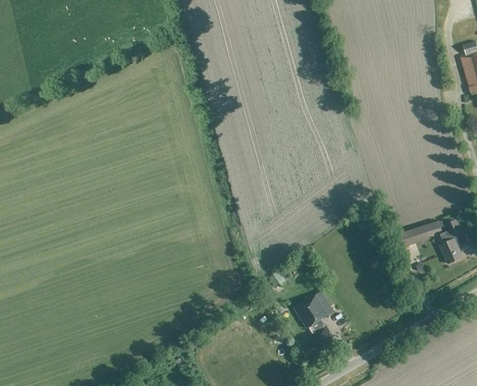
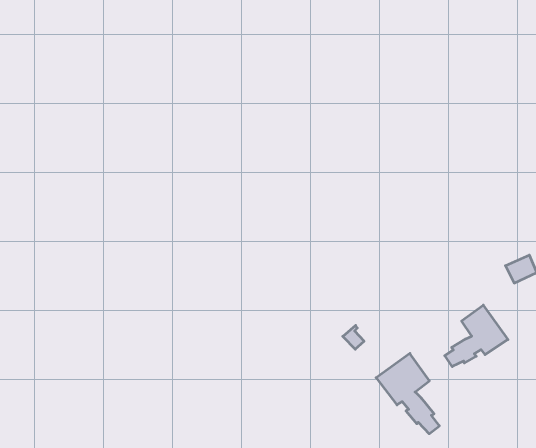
building: none -> [445,305,508,367]

